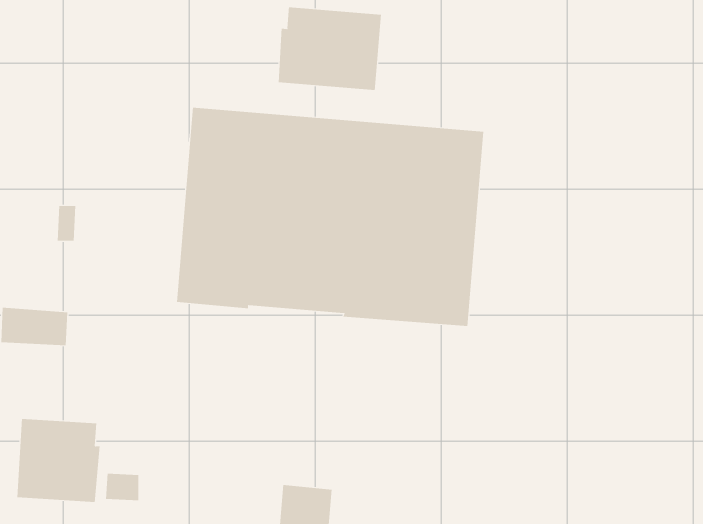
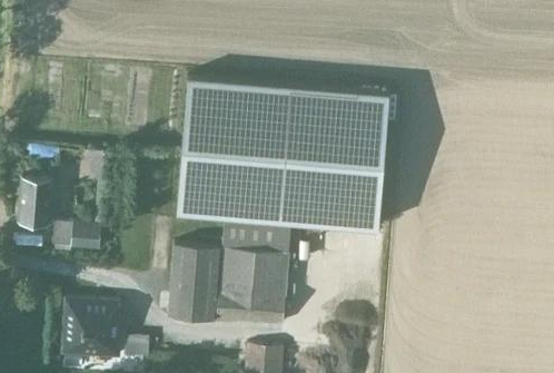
building: [278,7,381,91] -> none
building: none -> [170,219,290,324]

